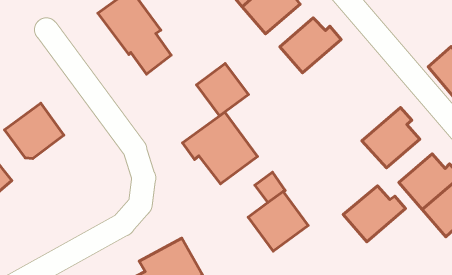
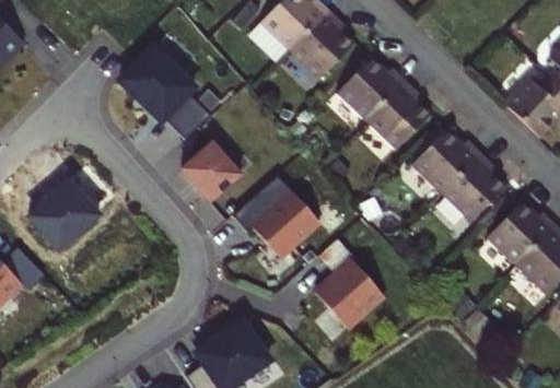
building: none -> [363,80,429,150]
building: [196,63,249,116] -> [182,140,242,200]
building: [343,186,405,242] -> [408,128,478,192]

